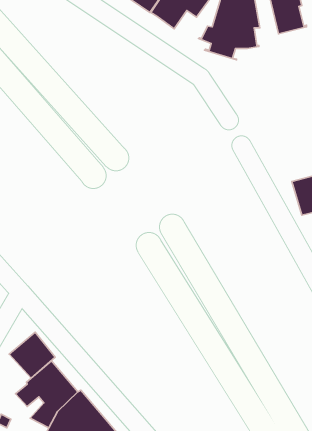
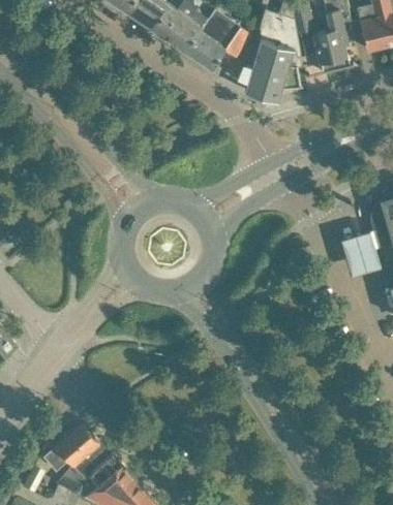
building: [9,332,55,378] -> none

